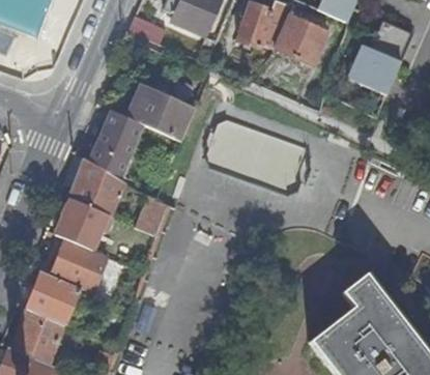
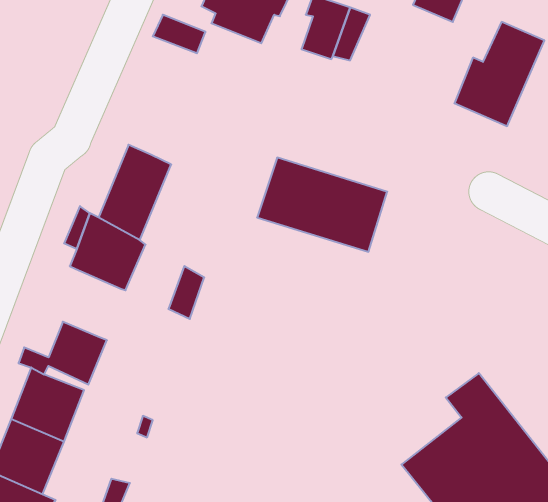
building: [276,13,328,64] -> none
building: [128,85,194,140] -> none
building: [55,199,107,249] -> none

